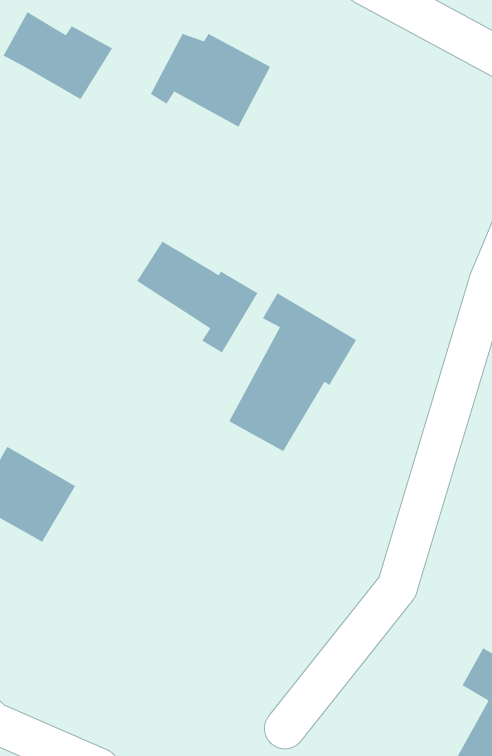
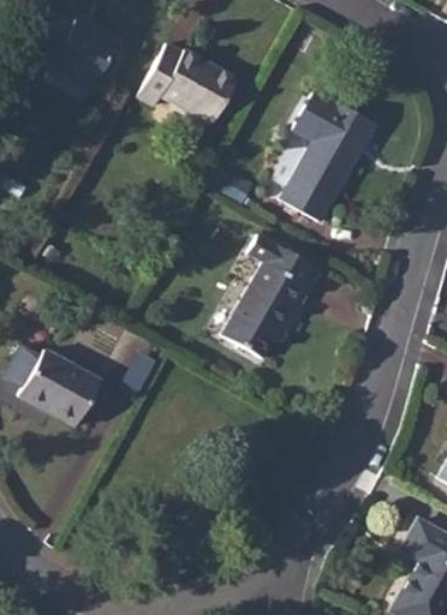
building: none -> [278,98,370,225]
building: [136,241,258,354] -> none

